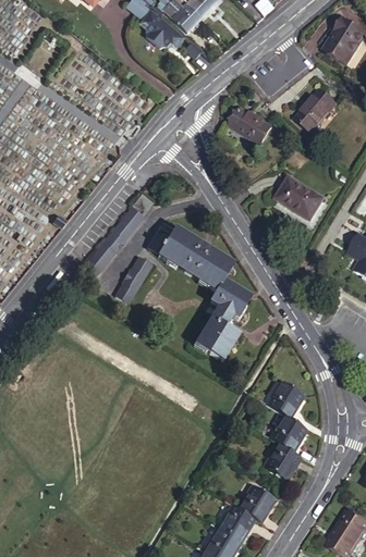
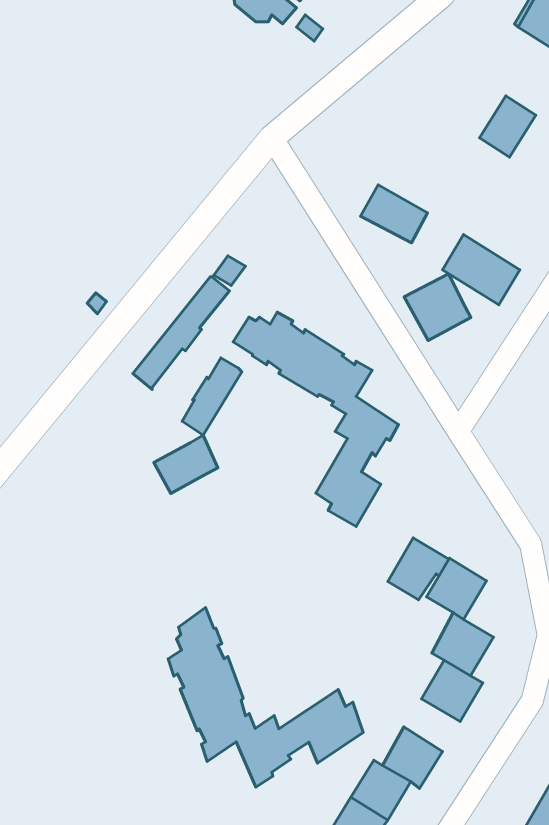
building: [229,109,270,145] -> [360,185,427,243]
building: none -> [404,274,471,341]
building: none -> [154,435,218,494]
building: none -> [388,538,449,600]
building: none -> [168,608,363,787]

